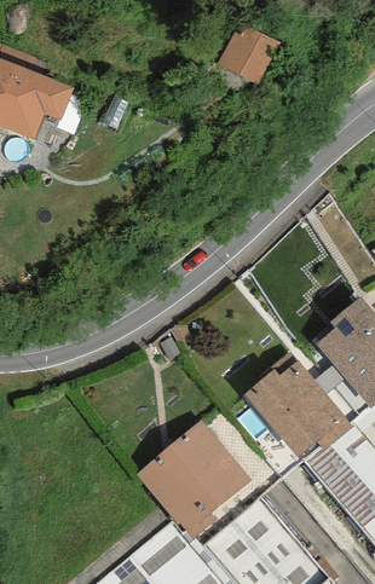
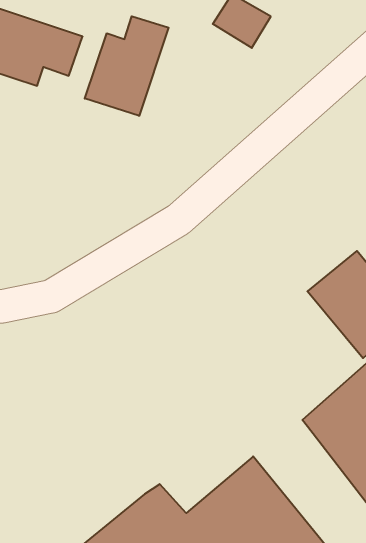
building: none -> [85,16,169,116]
building: [243,355,344,457] -> none
building: [135,421,253,538] -> none

